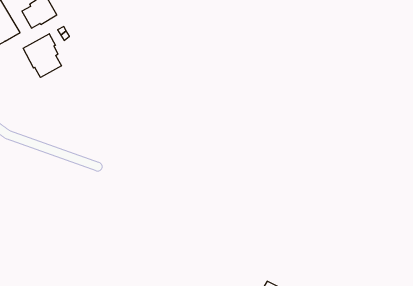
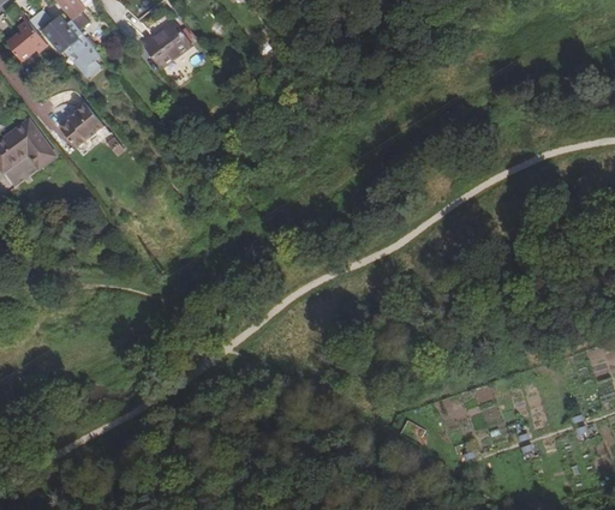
building: [23,34,61,77] -> none

